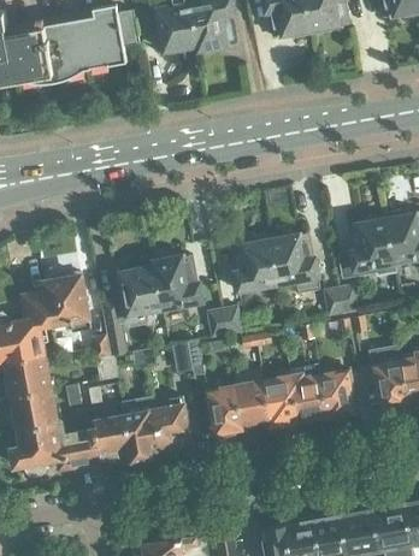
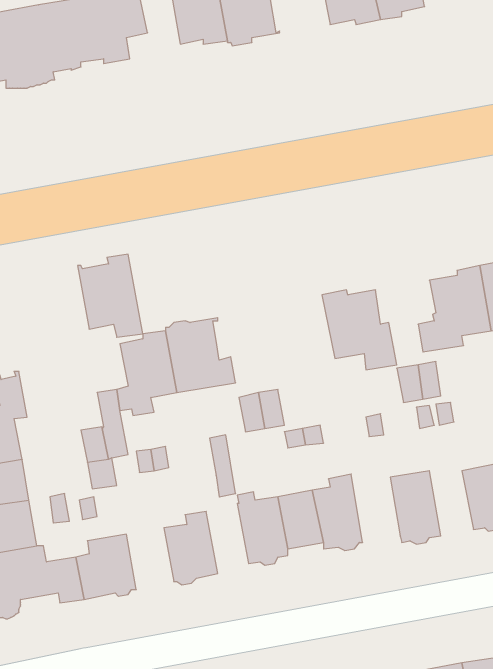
building: [230,237,277,292] -> none
building: [41,272,89,333] -> [78,254,143,337]
building: [289,365,325,420] -> none
building: [123,409,158,463] -> none

